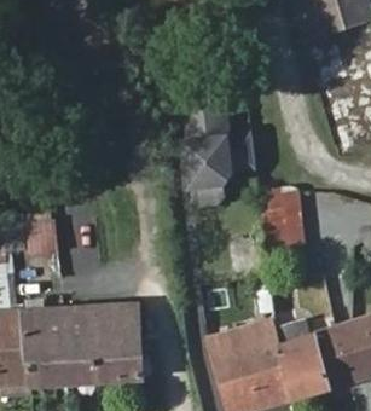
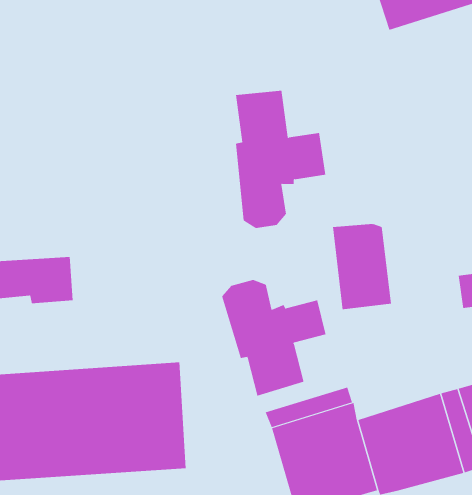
building: none -> [222,279,326,396]

